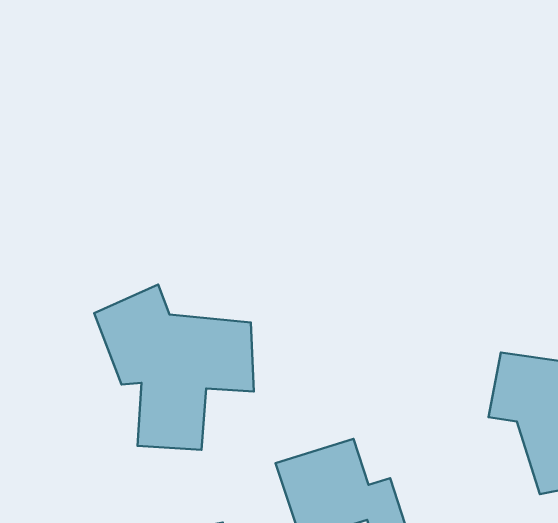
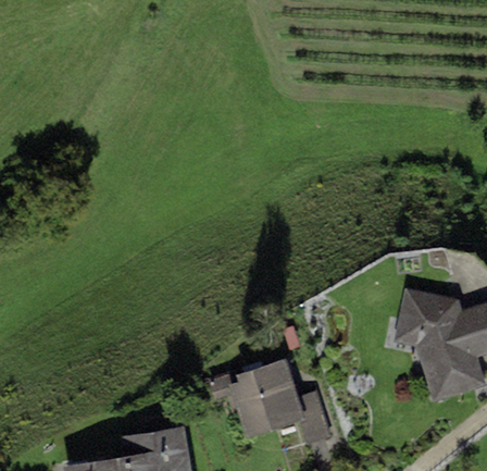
building: [94,285,254,450] -> none

